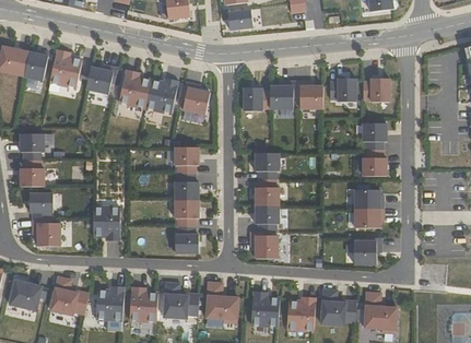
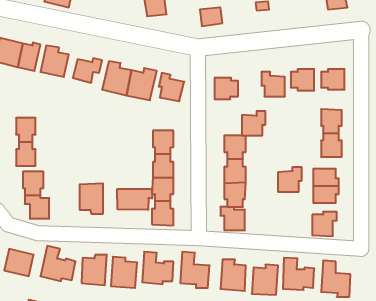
building: [270,81,296,108] -> [242,111,265,135]
building: none -> [278,167,301,192]
building: none -> [117,189,152,210]

